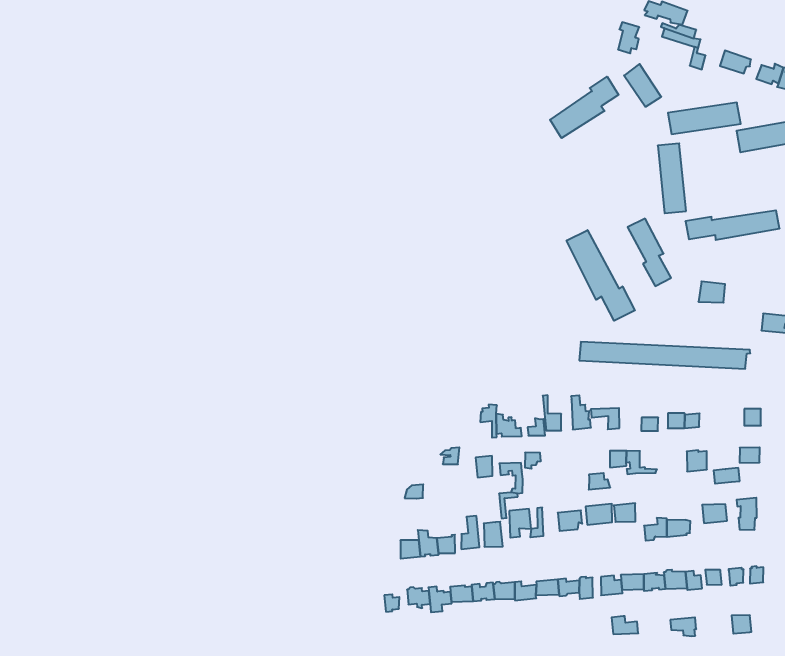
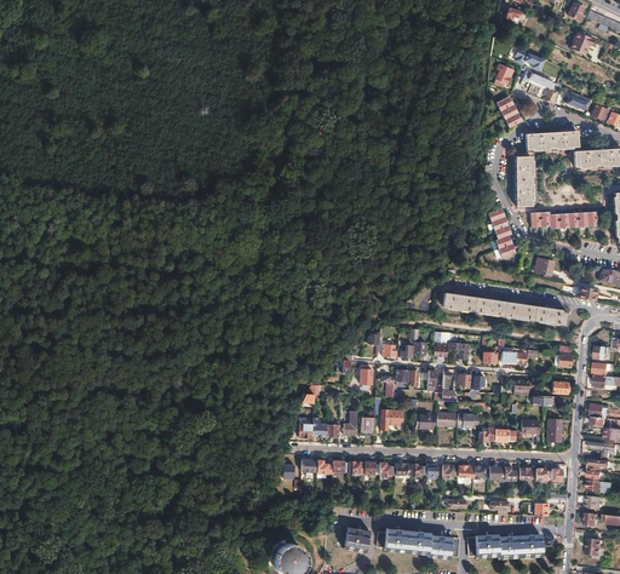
building: [550,77,619,138] -> none
building: [567,230,635,321] -> none

